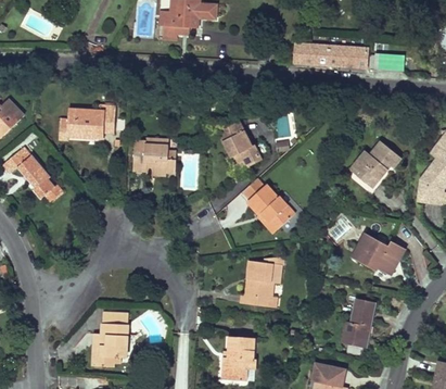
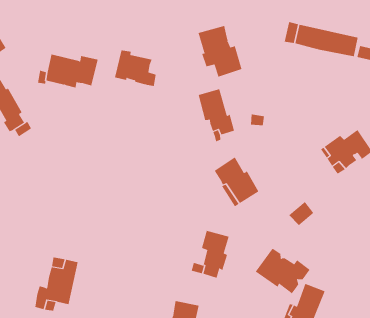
building: none -> [198,25,242,77]
building: [132,140,174,171] -> [114,50,157,86]
building: [351,231,405,274] -> [255,248,311,294]

